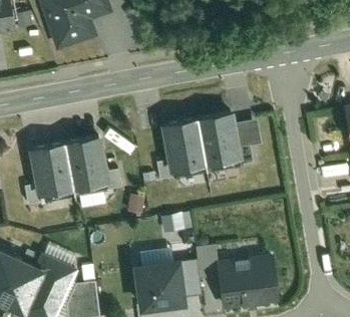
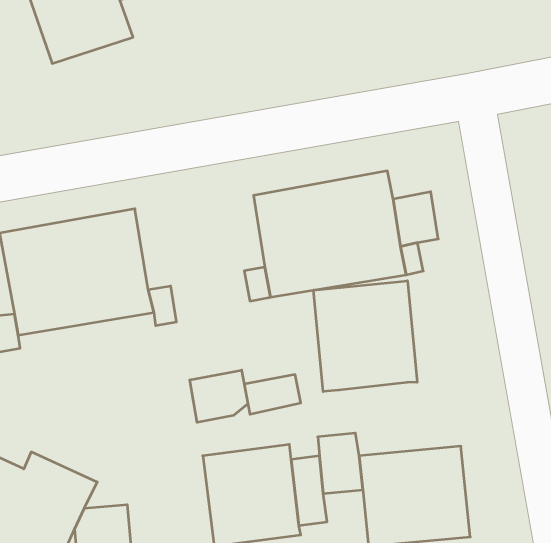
building: none -> [314,281,417,392]
building: none -> [190,370,248,422]

